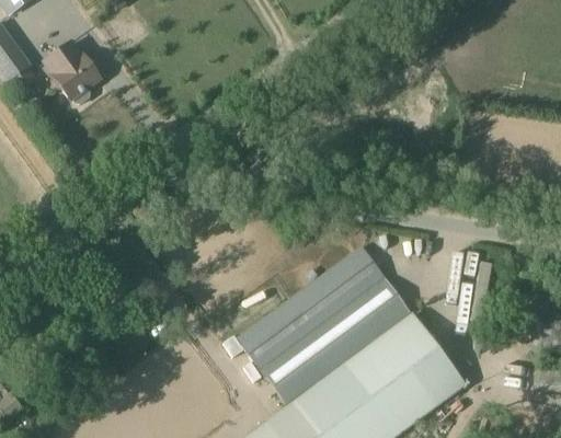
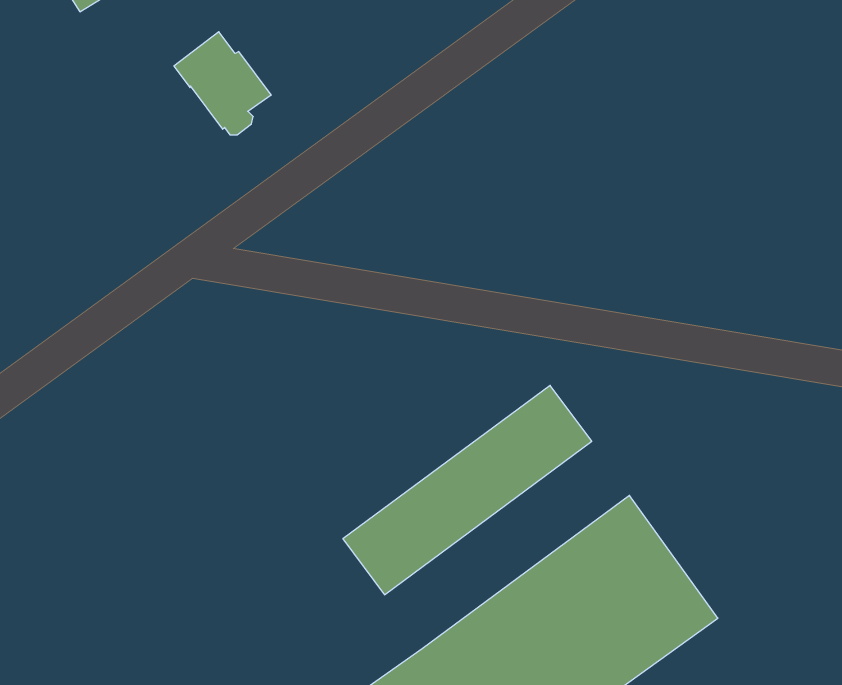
building: [43,41,102,103] -> [174,32,271,135]
building: [262,279,412,405] -> none

